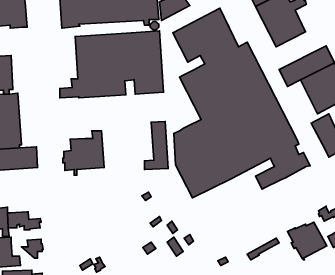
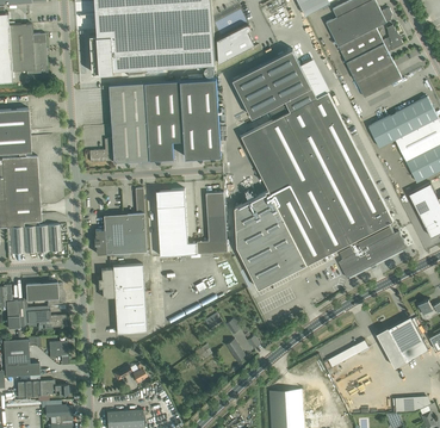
building: none -> [154,188,197,256]
building: none -> [97,260,145,333]
building: none -> [21,281,64,308]

